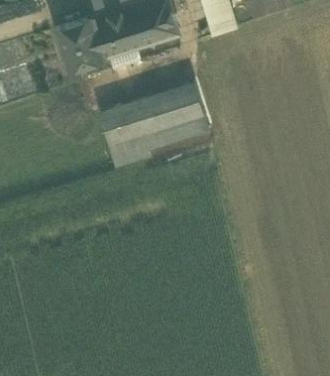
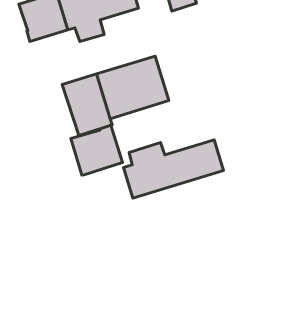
building: none -> [71,125,123,175]
building: none -> [123,140,223,198]

